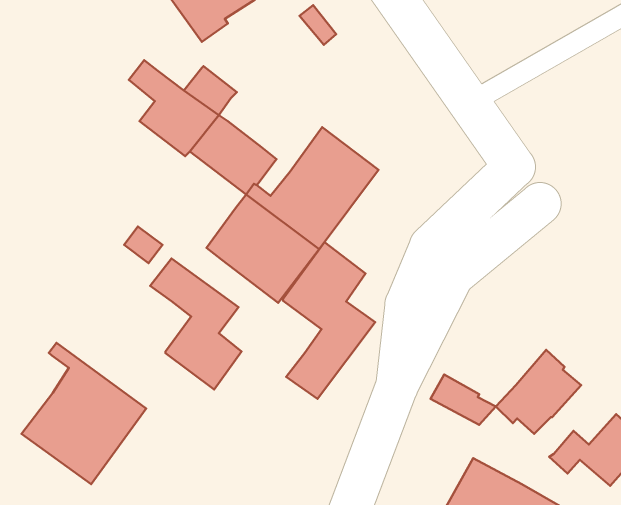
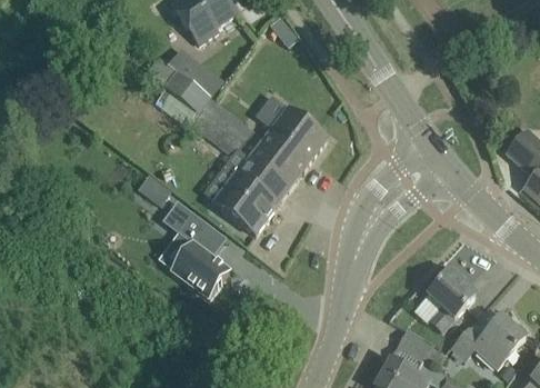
building: [283,242,375,399] -> none
building: [22,343,146,484] -> none
building: [430,374,496,425] -> [397,329,444,366]

